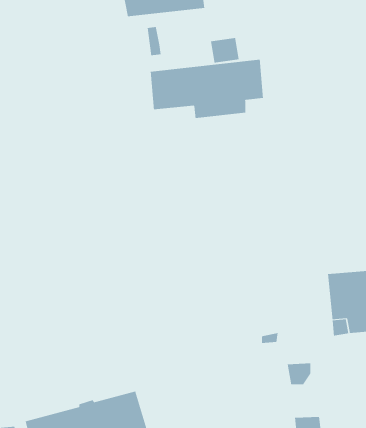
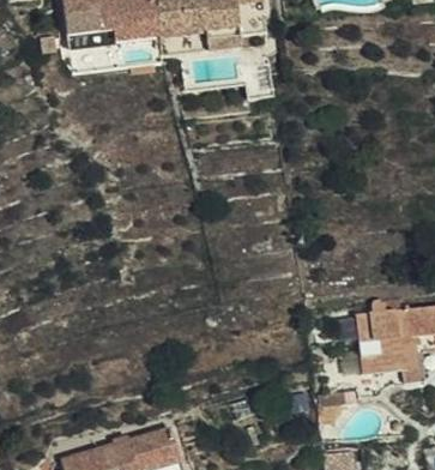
building: [150,59,264,119] -> none

